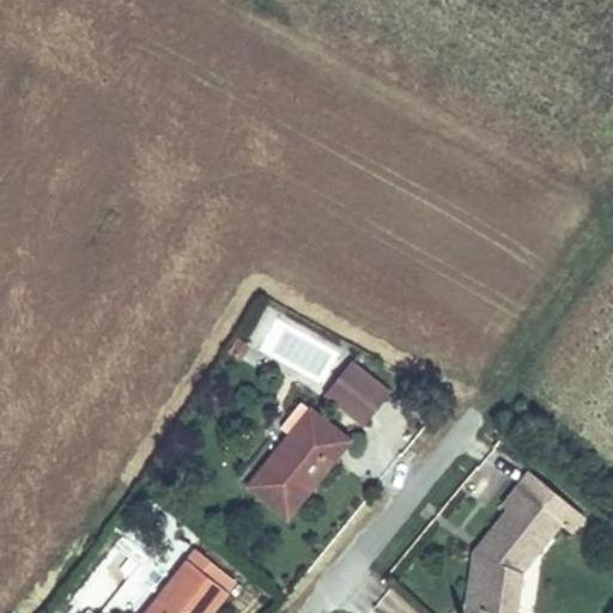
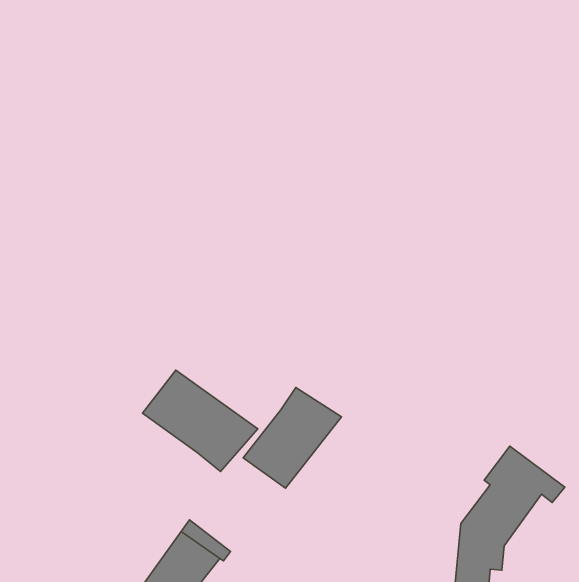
building: [344,369,396,419] -> none
building: none -> [143,370,258,472]

